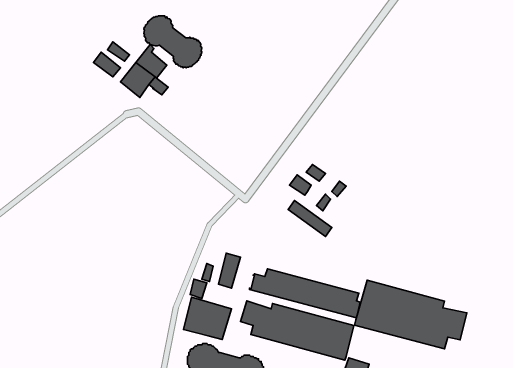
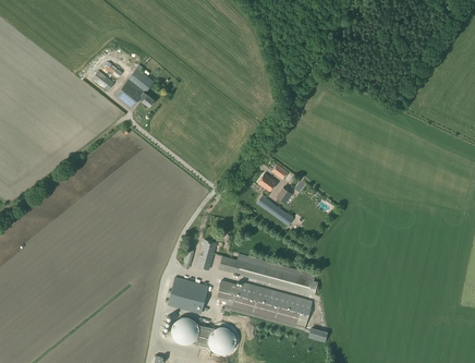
building: [144,16,202,68] -> none
building: [355,280,467,349] -> none

